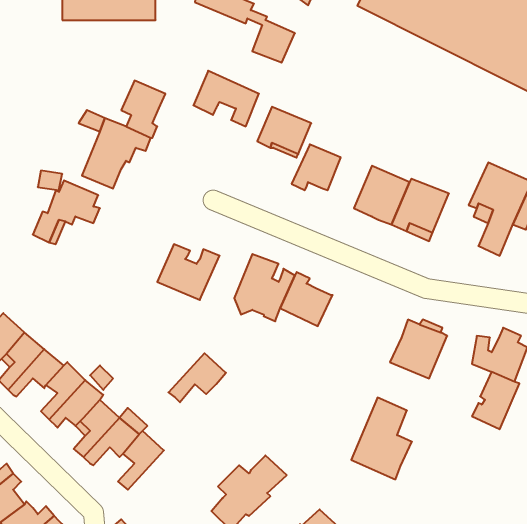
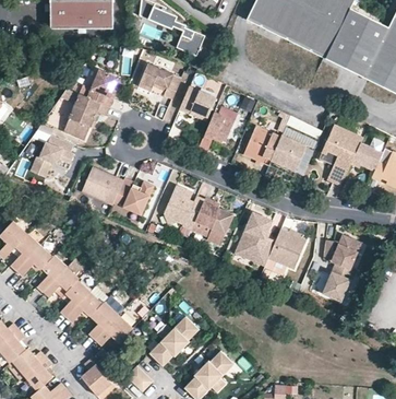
building: none -> [81,165,117,201]
building: [168,353,226,402] -> [94,315,132,348]
building: [351,398,412,479] -> [236,210,276,265]

